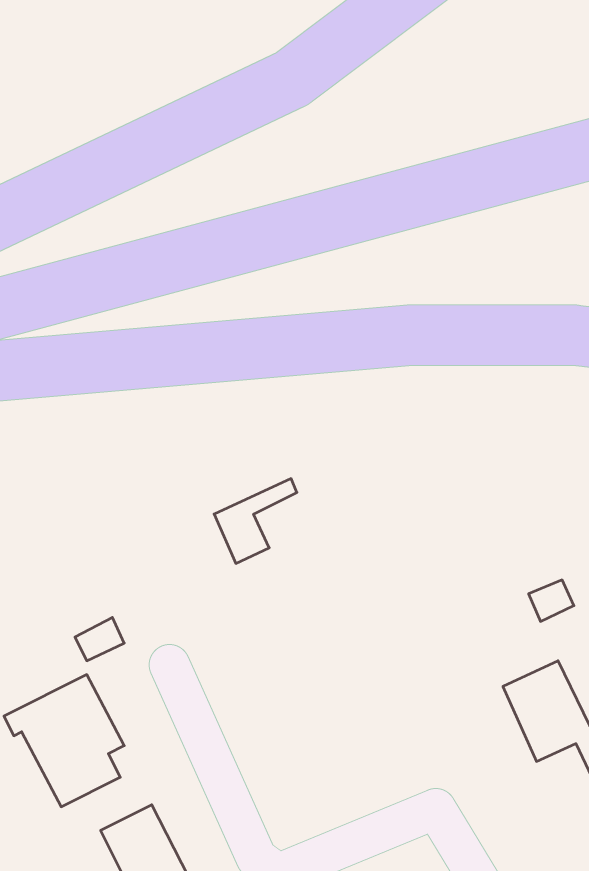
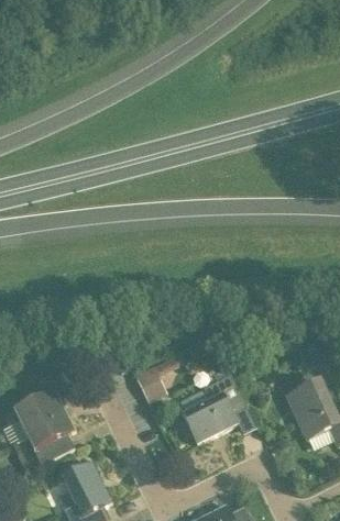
building: [214,479,297,563] -> [135,355,182,402]
building: none -> [182,374,246,444]

